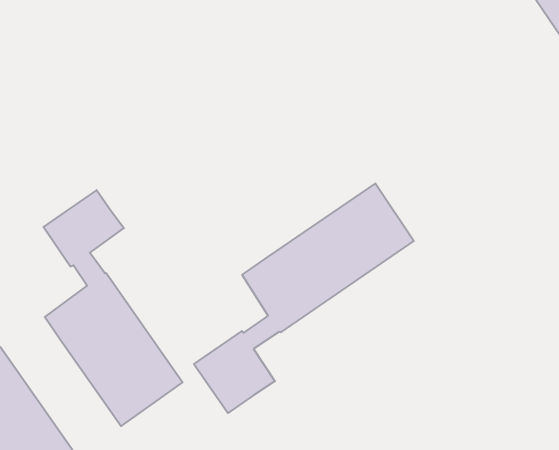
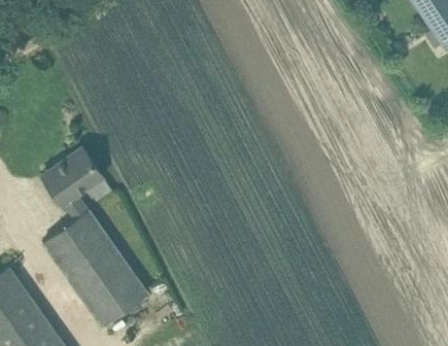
building: [194,183,414,413] -> none

